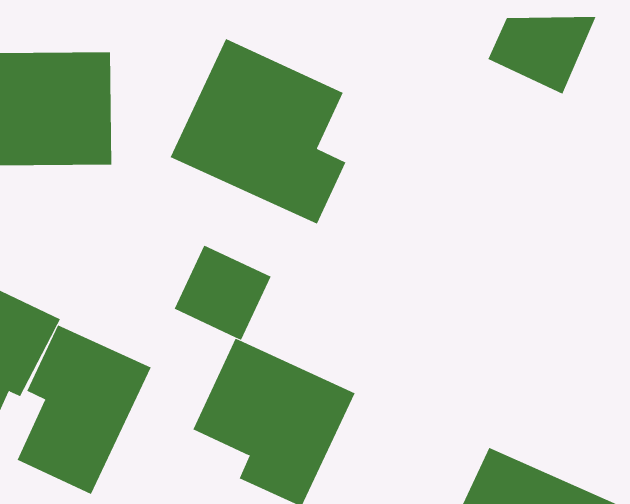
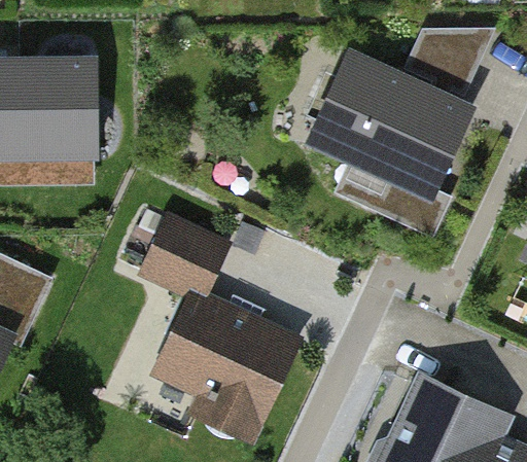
building: [170,38,346,224] -> none
building: none -> [315,58,468,234]
building: [17,325,151,495] -> none

